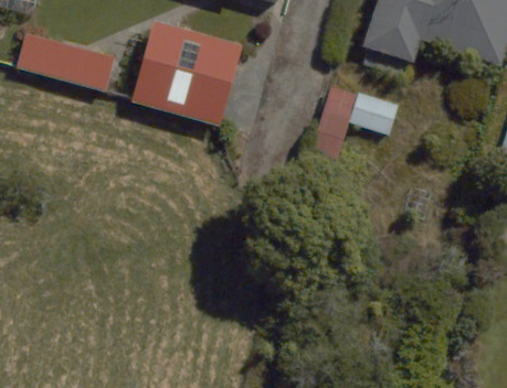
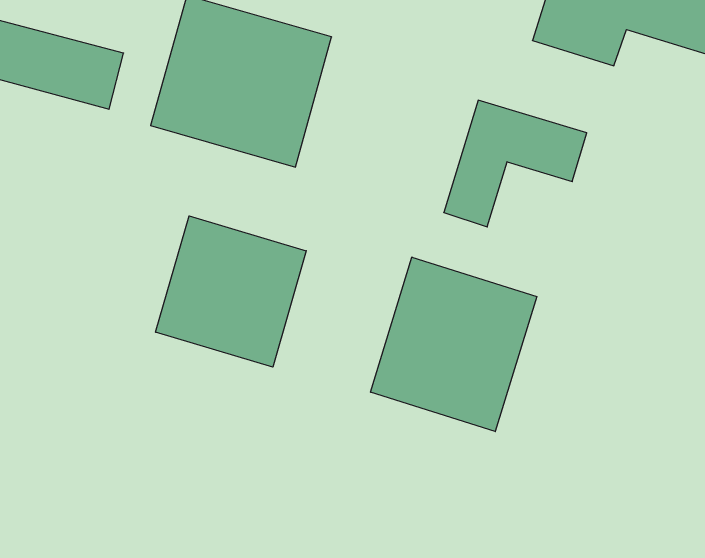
building: none -> [156,216,306,367]
building: none -> [371,257,537,432]

